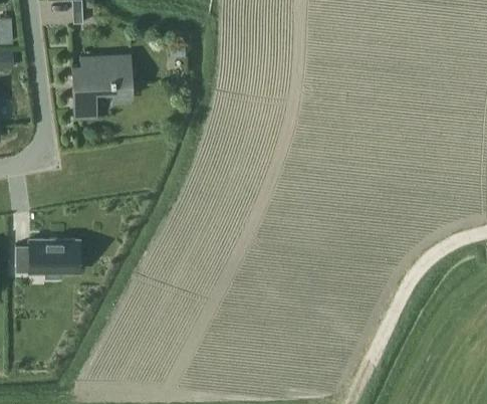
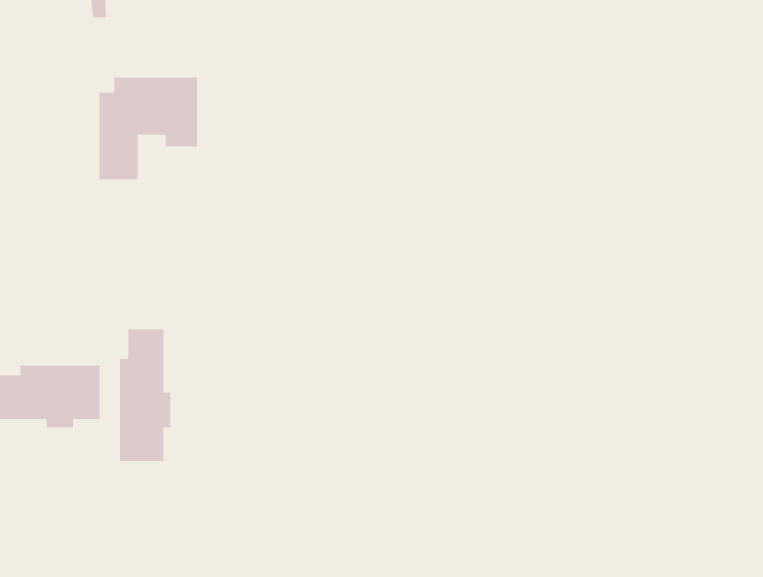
building: none -> [120,328,171,462]

